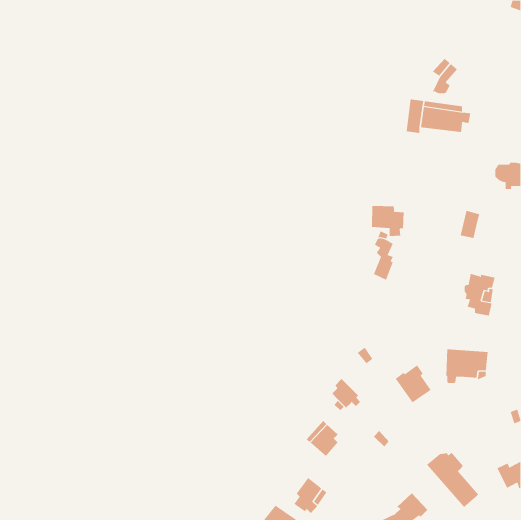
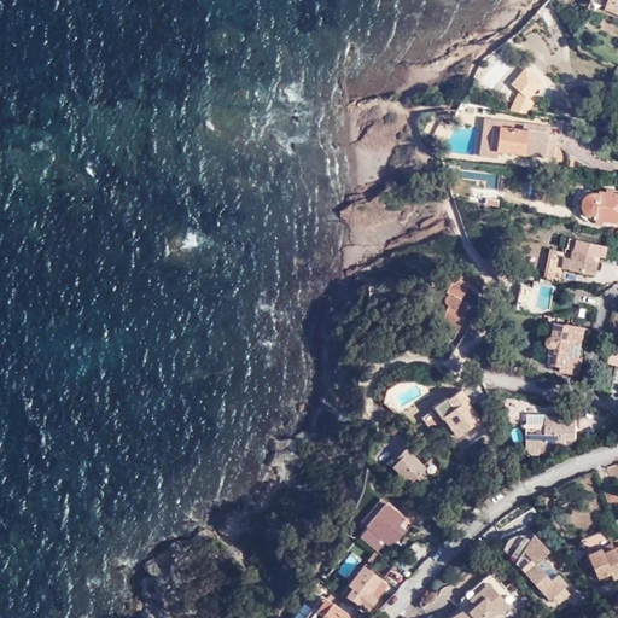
building: none -> [570,239,610,276]
building: [371,205,404,237] -> none
building: [395,364,432,403] -> [436,391,479,437]

